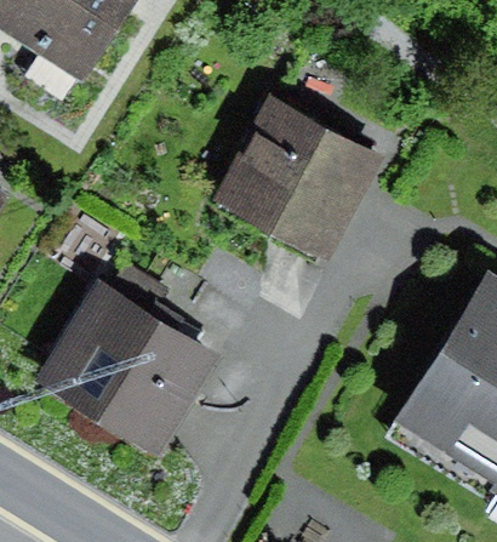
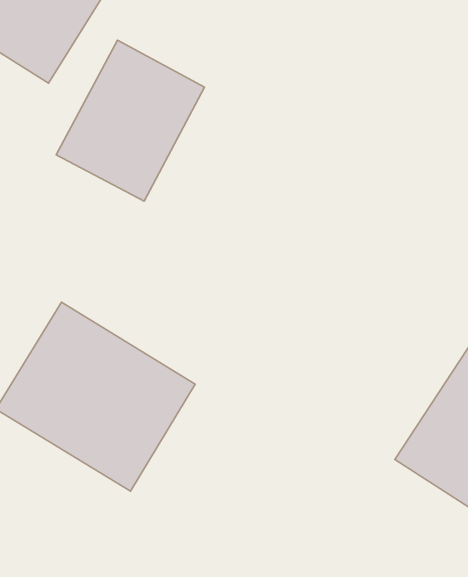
building: none -> [56,40,205,201]
building: [212,97,377,259] -> none

